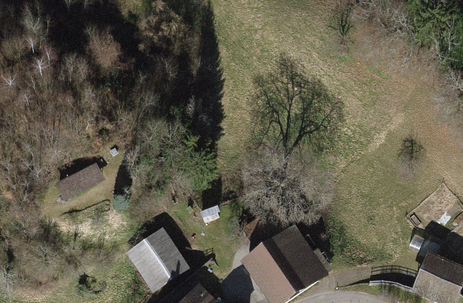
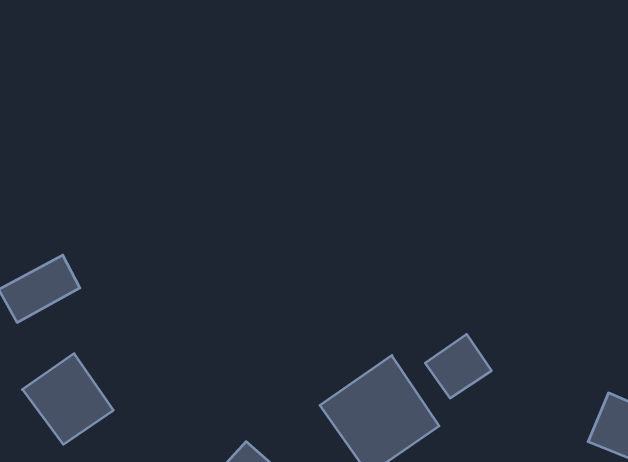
building: none -> [425,334,491,398]
building: [128,229,186,287] -> [22,354,113,444]

